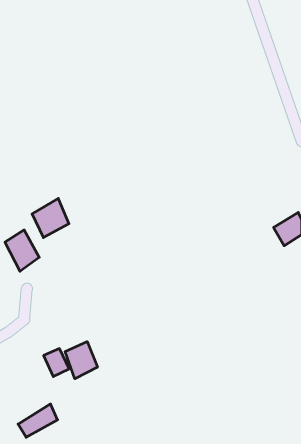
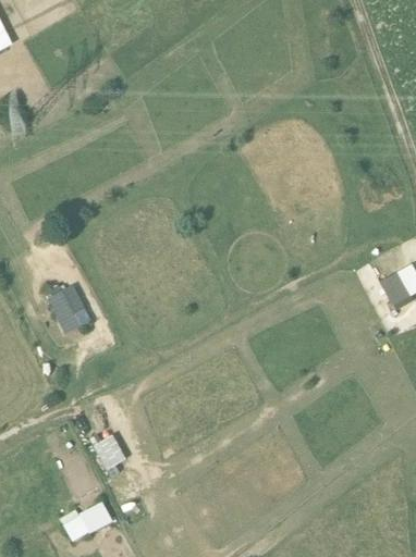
building: [32,198,69,238] -> none
building: [65,342,97,379] -> none

